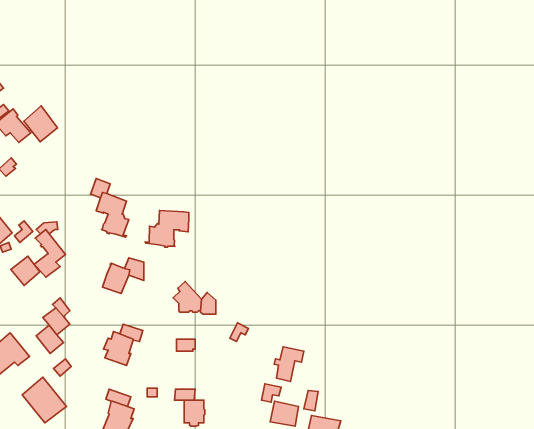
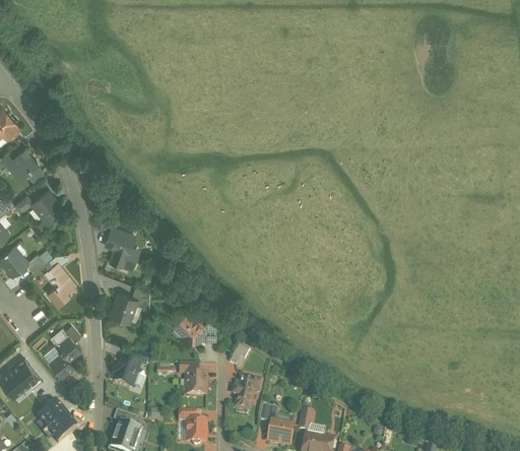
building: [24,106,58,142] -> [30,189,62,222]
building: [145,211,189,247] -> none
building: [11,256,40,286] -> none
building: [274,347,304,382] -> [233,378,260,410]
building: none -> [185,373,204,395]

